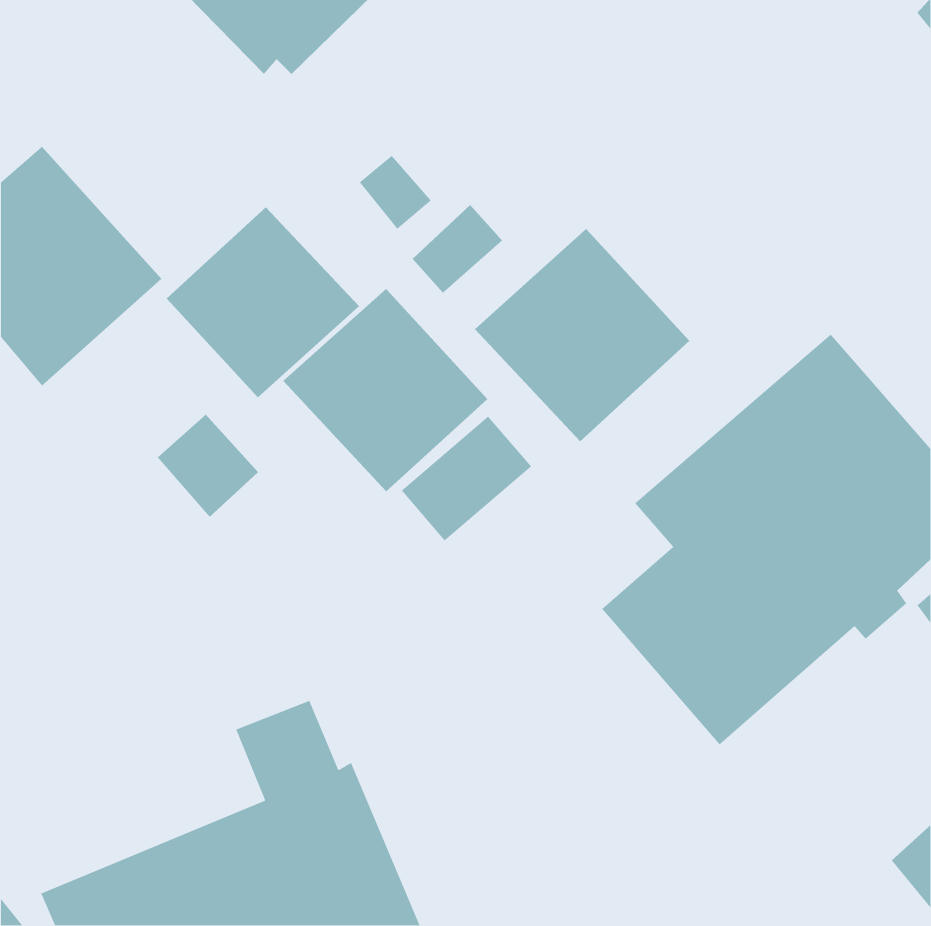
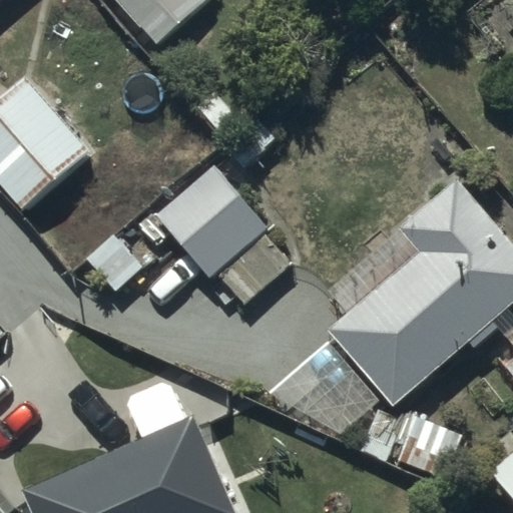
building: [166,206,360,398] -> none
building: [474,228,690,442] -> none

